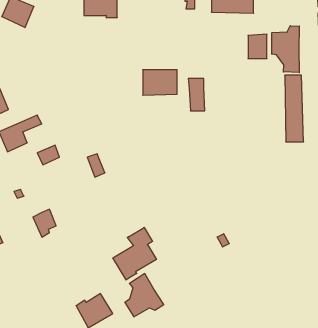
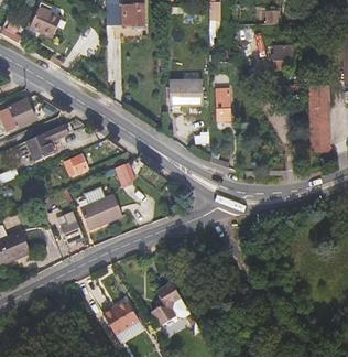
building: [272,26,299,73] -> none
building: none -> [79,194,122,229]
building: [113,227,156,280] -> none

